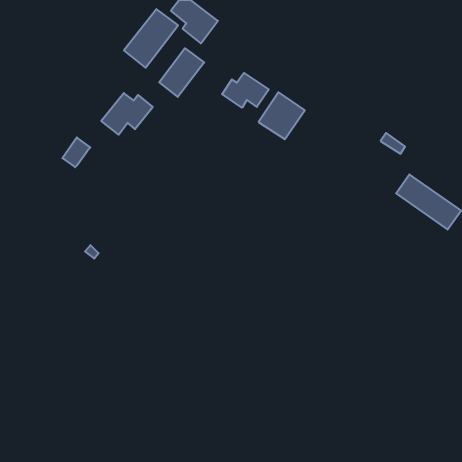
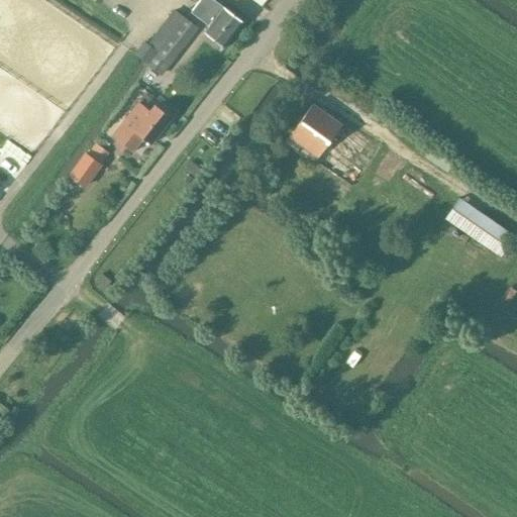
building: [159,48,204,97] -> none
building: [222,73,269,108] -> none

